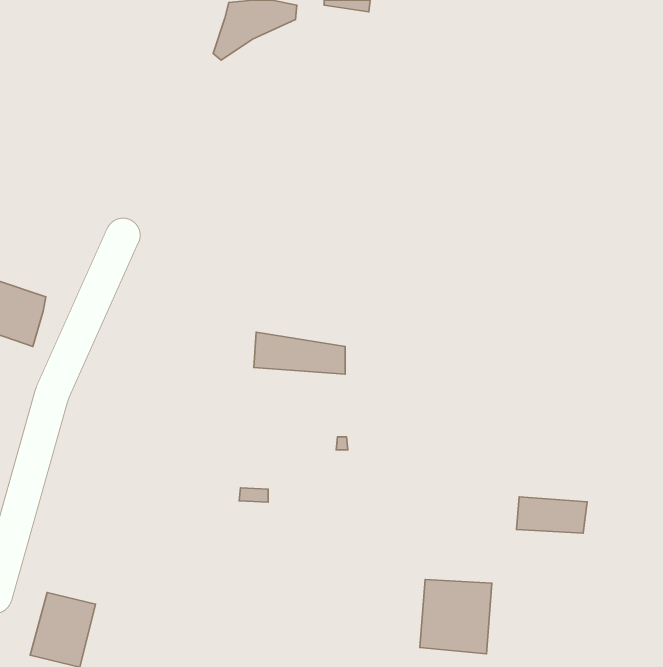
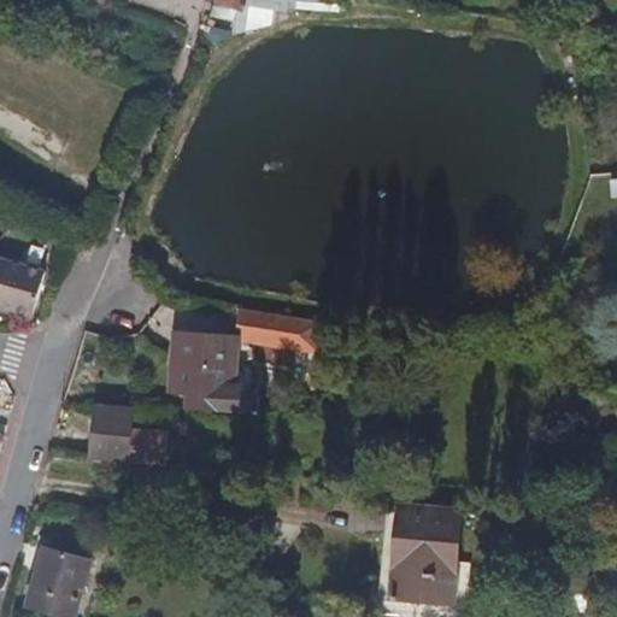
building: none -> [172,335,234,394]
building: none -> [90,404,163,464]
building: [517,497,587,533] -> [392,505,457,539]

